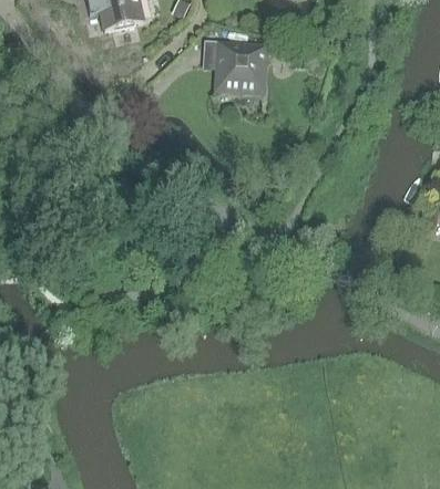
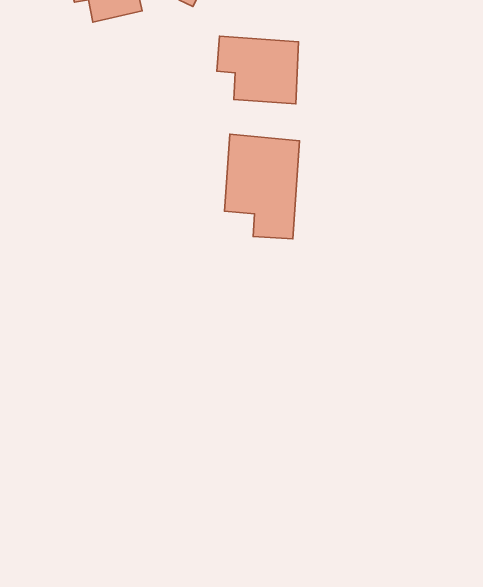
building: none -> [224,134,299,239]

